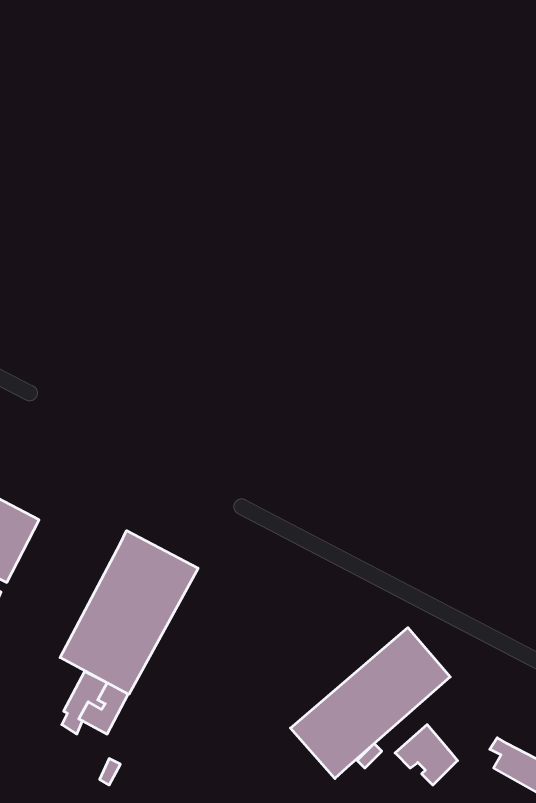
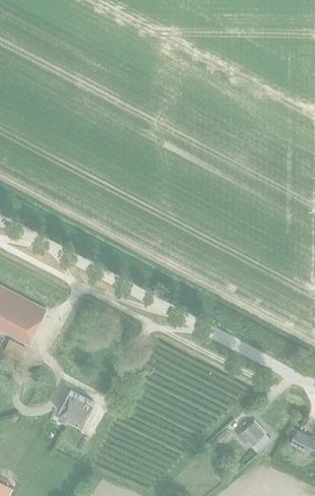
building: [60,531,198,694] -> none
building: [290,628,450,779] -> none

